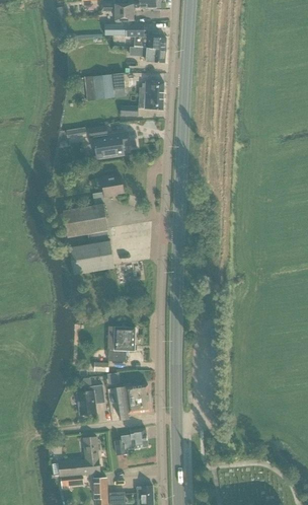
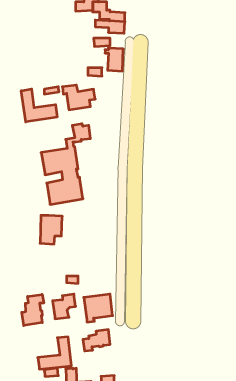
building: [84,73,125,100] -> none
building: none -> [21,89,57,122]
building: [107,326,135,361] -> [40,215,62,244]
building: none -> [22,294,44,326]

